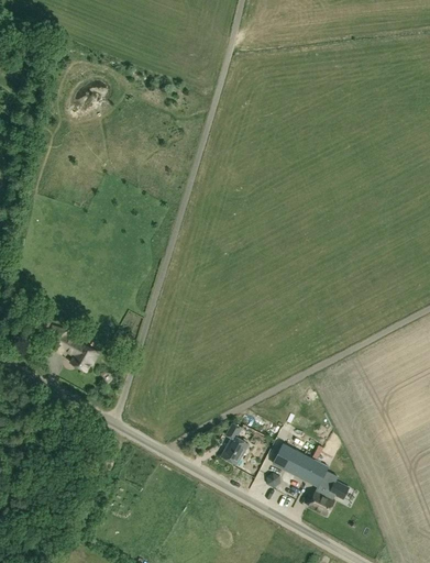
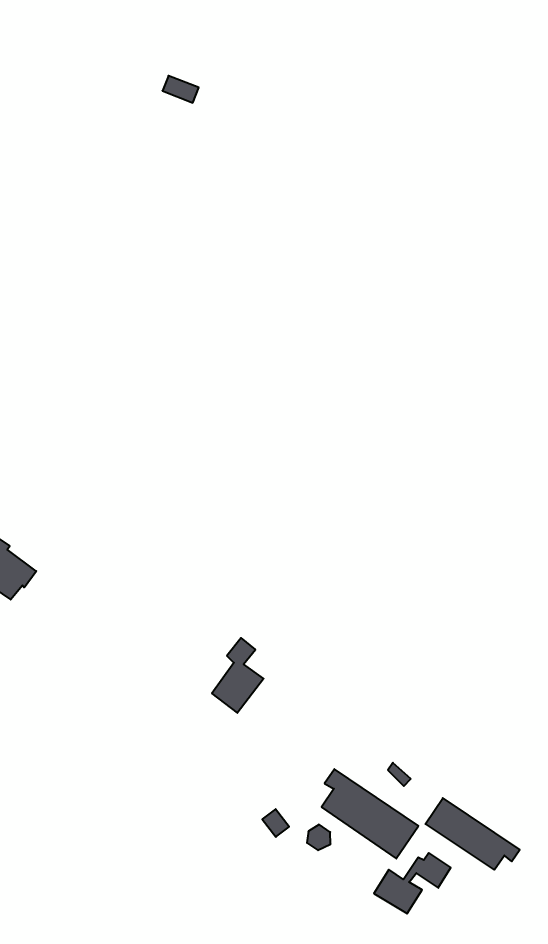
building: [221,423,249,465] -> [212,638,264,713]
building: none -> [425,798,520,870]

